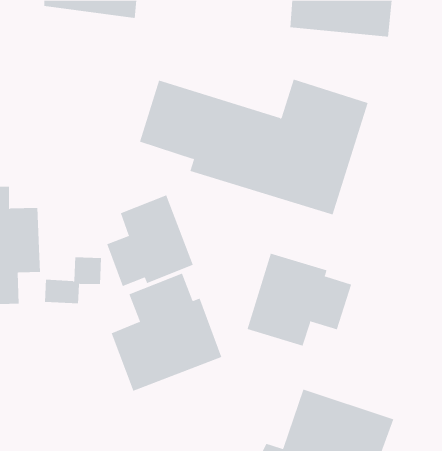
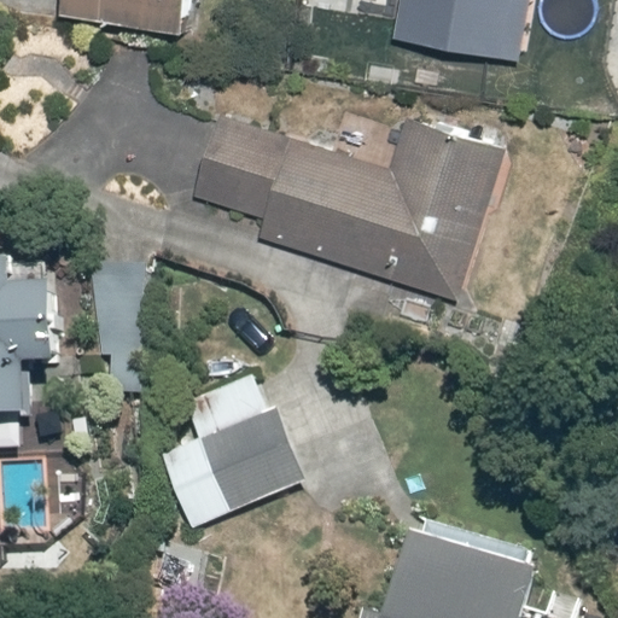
building: [106,195,194,287] -> none
building: [247,253,352,346] -> none

